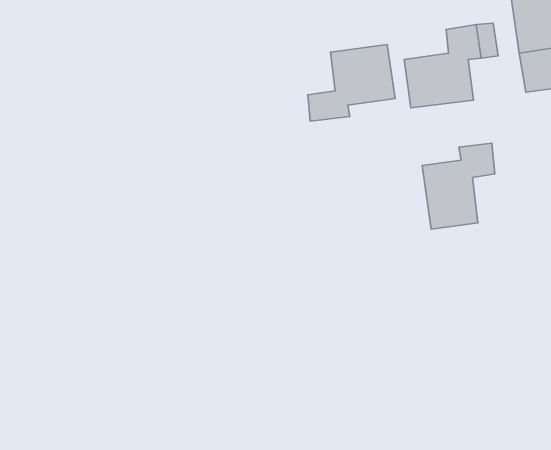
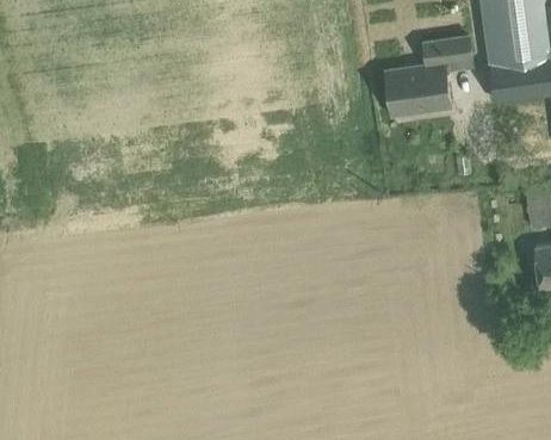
building: [308,45,395,121] -> none
building: [422,143,495,229] -> none

